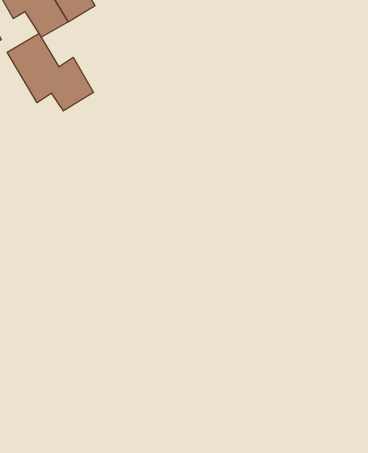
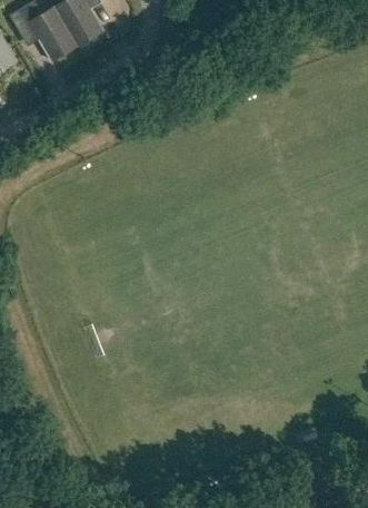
building: [7,33,93,111] -> none

